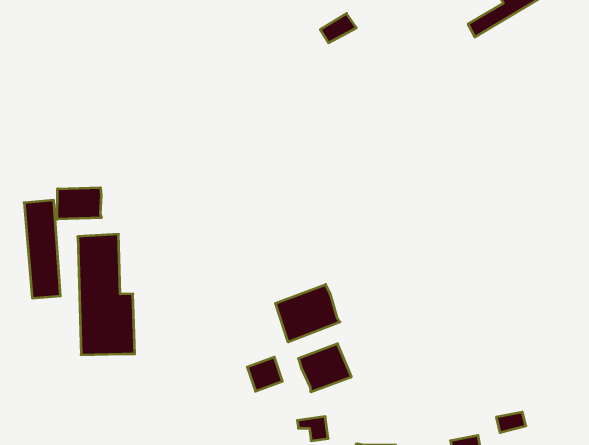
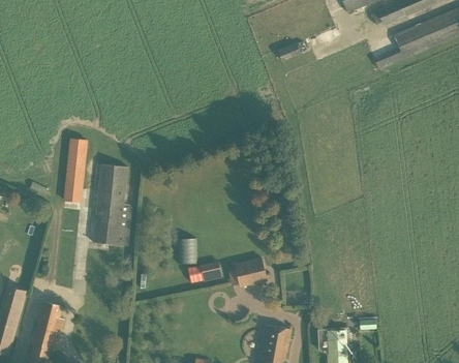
building: [57,188,101,219] -> none
building: [275,284,340,342] -> none

